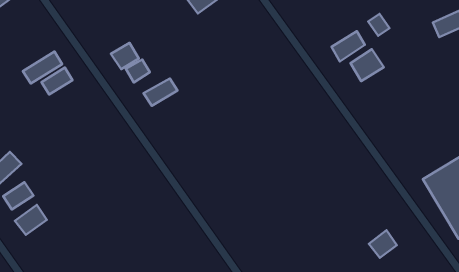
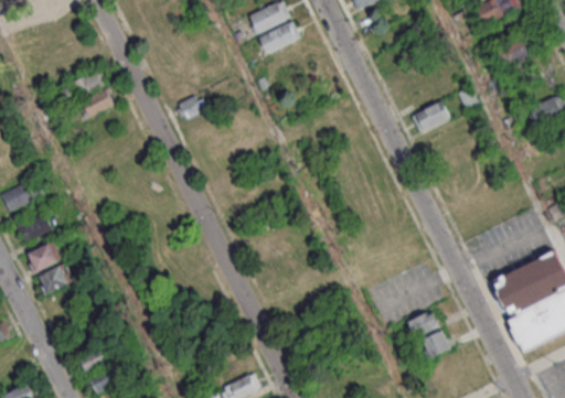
building: [111,43,139,69] -> none
building: [350,49,384,81] -> none
building: [144,79,177,106] -> none
building: none -> [407,310,439,338]
building: none -> [39,262,74,293]

